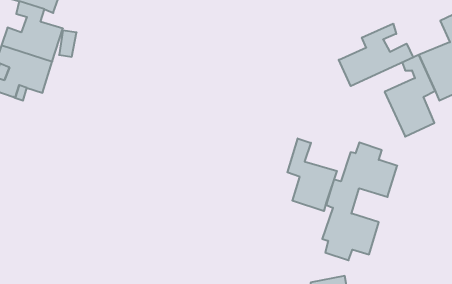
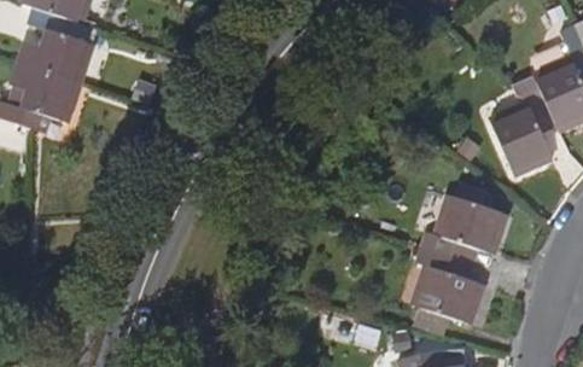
building: [339,24,413,86] -> none
building: [287,138,337,211] -> none

